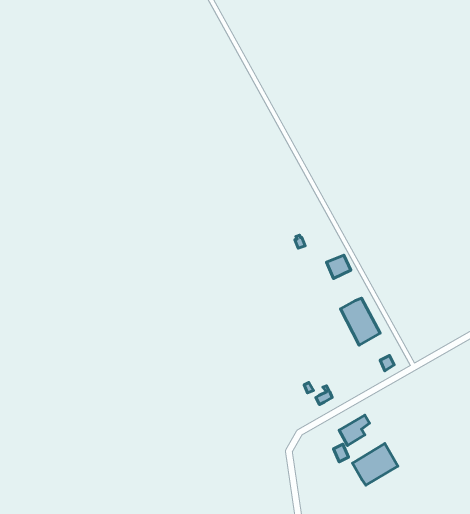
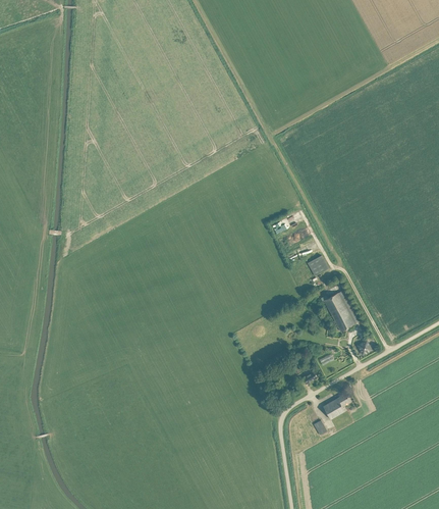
building: [352,443,398,485] -> none

